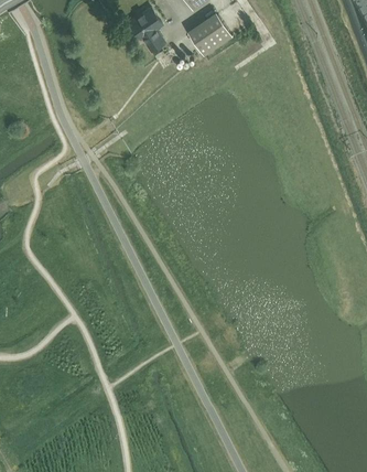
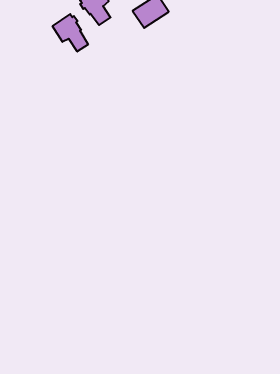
building: none -> [53,14,88,52]

